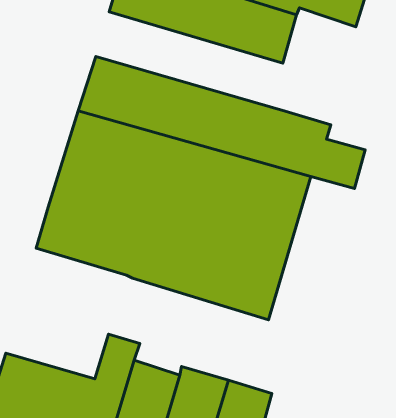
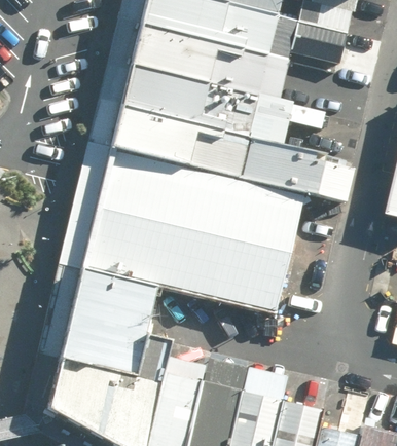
building: none -> [121,65,325,140]
building: none -> [60,266,157,373]

